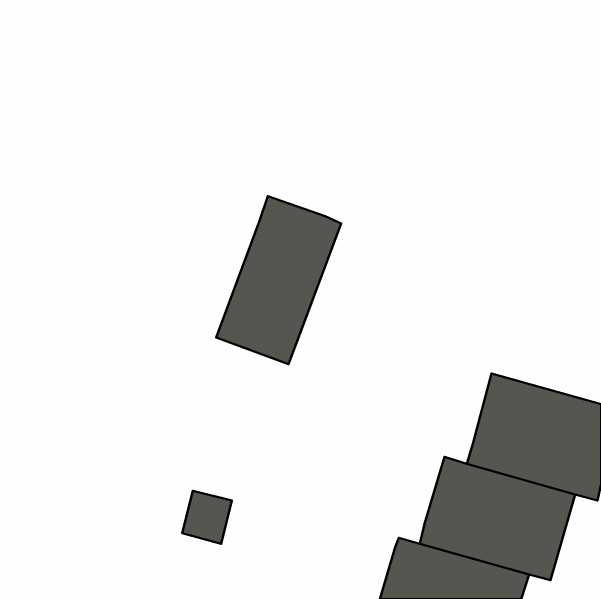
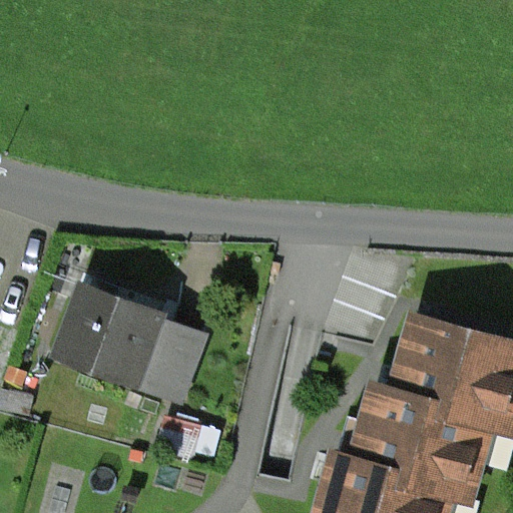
building: [216,196,341,364] -> none
building: none -> [62,288,201,397]

